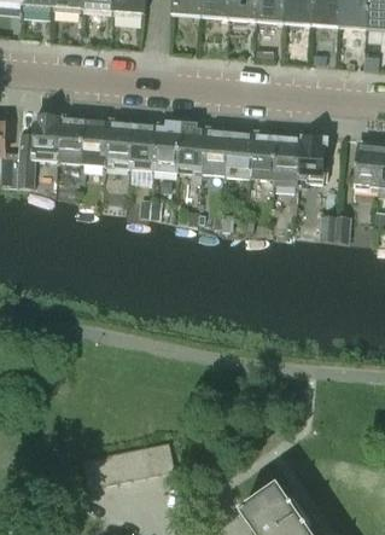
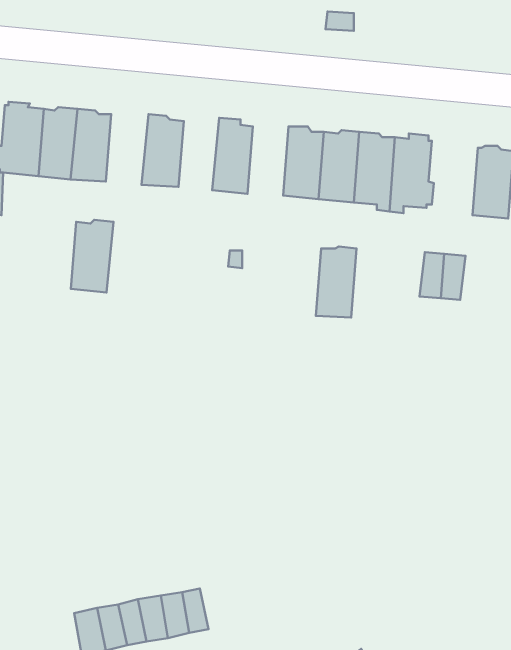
building: [106,118,135,168] -> [71,220,114,293]
building: [156,121,183,171] -> none
building: [203,127,231,175] -> [316,247,357,317]

